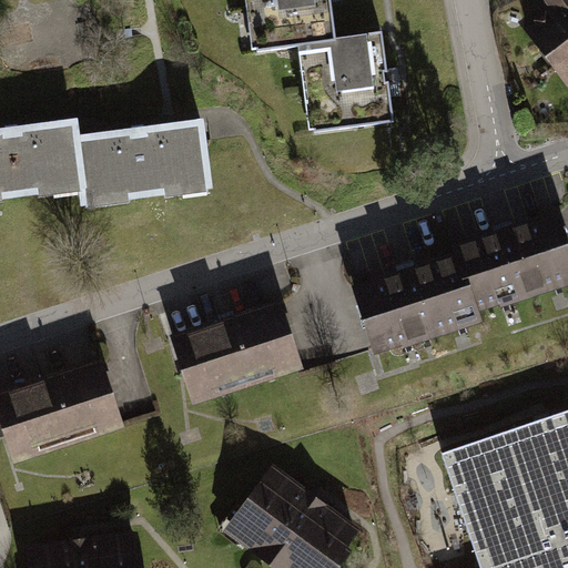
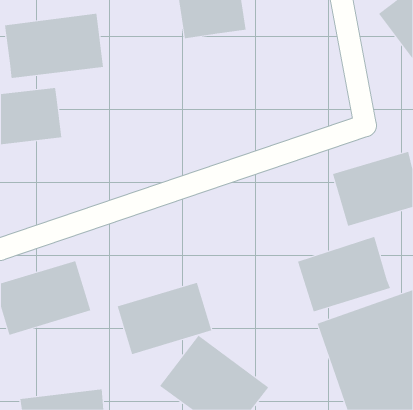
building: [298,33,398,135] -> none
building: [79,120,215,210] -> [4,13,104,79]
building: [353,251,481,355] -> [297,236,391,312]
building: [172,302,303,402] -> [117,282,212,355]

